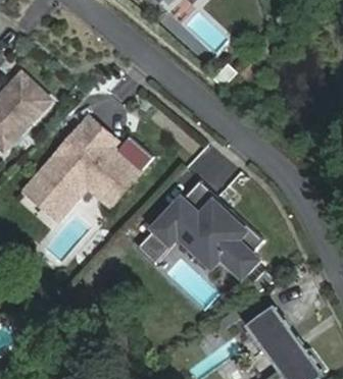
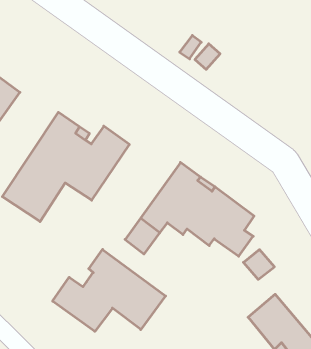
building: none -> [53,249,166,331]

